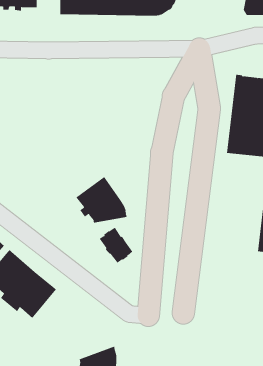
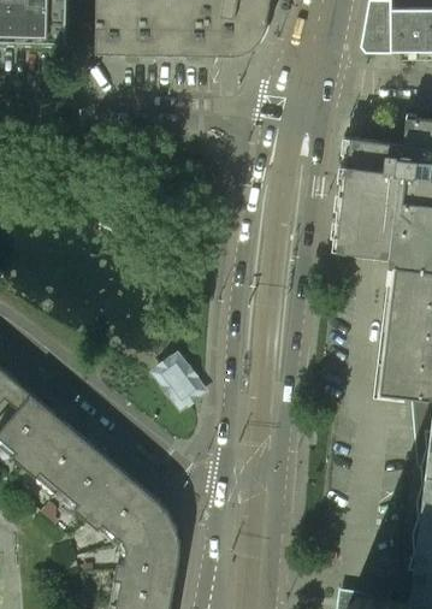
building: [76,176,127,223] -> none
building: none -> [57,444,174,544]

